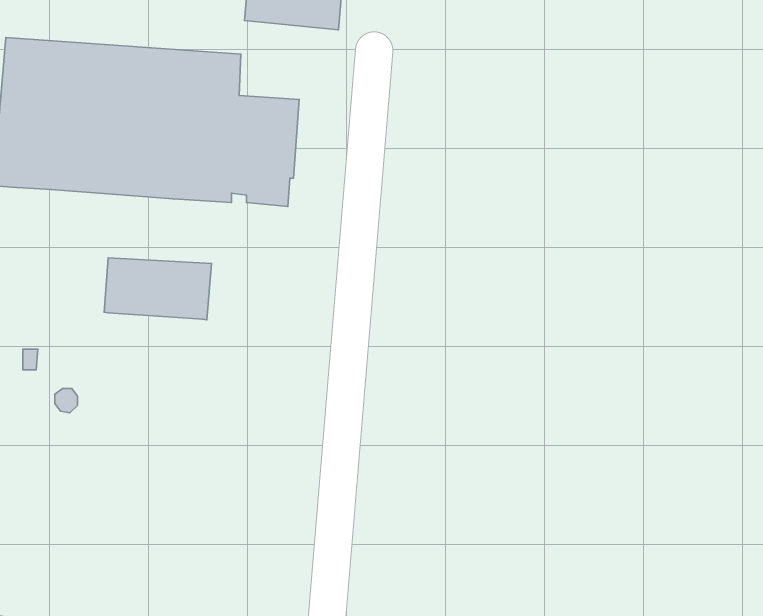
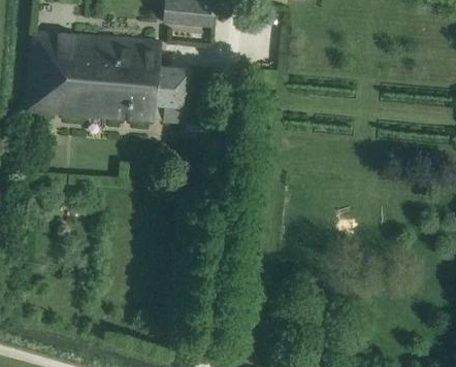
building: [104,258,211,320] -> none

